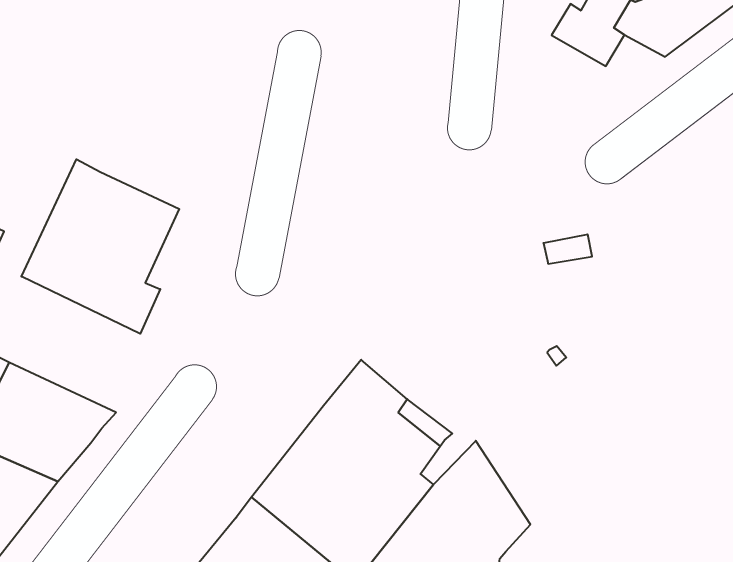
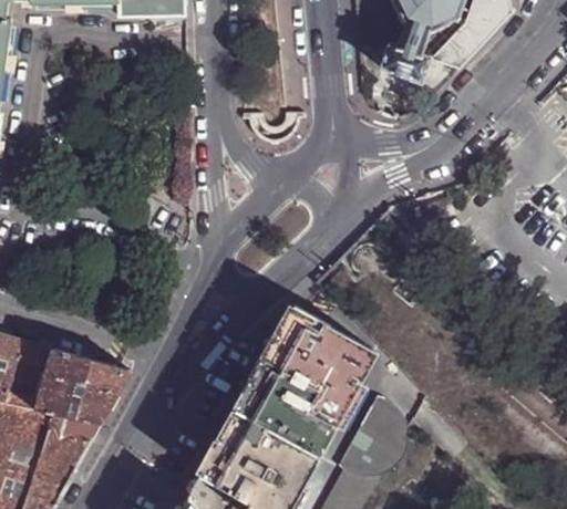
building: [21,159,179,334] -> none

